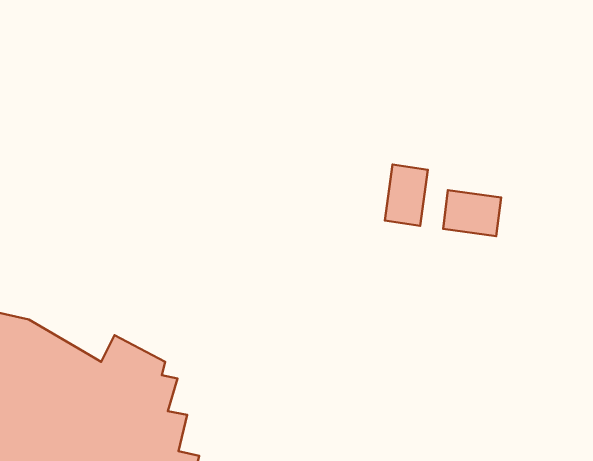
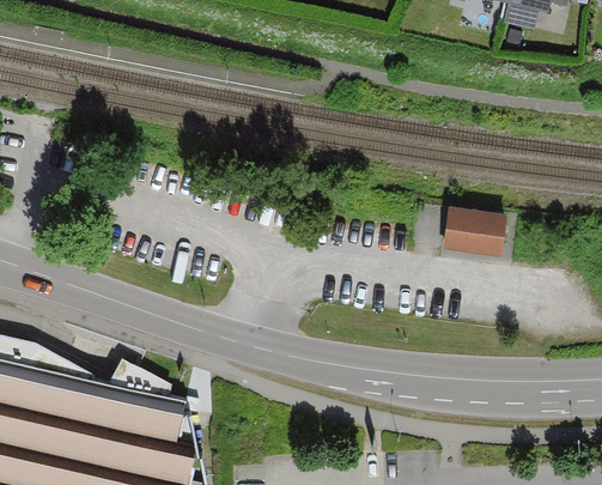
building: [385,165,428,226] -> none

